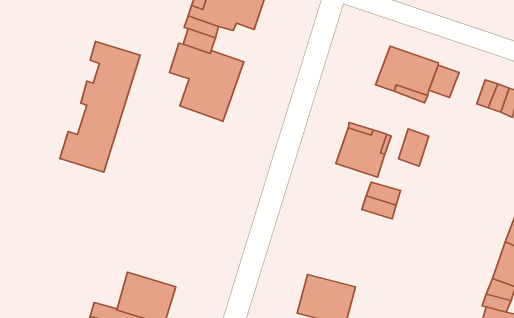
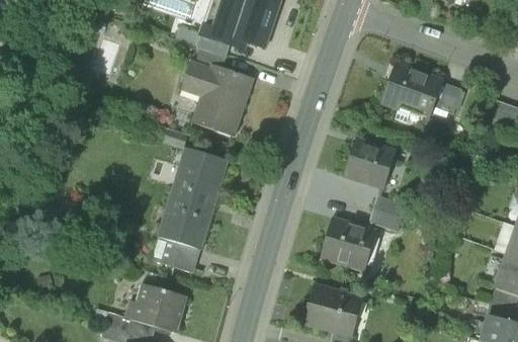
building: [60,41,140,172] -> [151,146,229,272]
building: [399,129,429,166] -> none
building: none -> [321,217,376,269]

